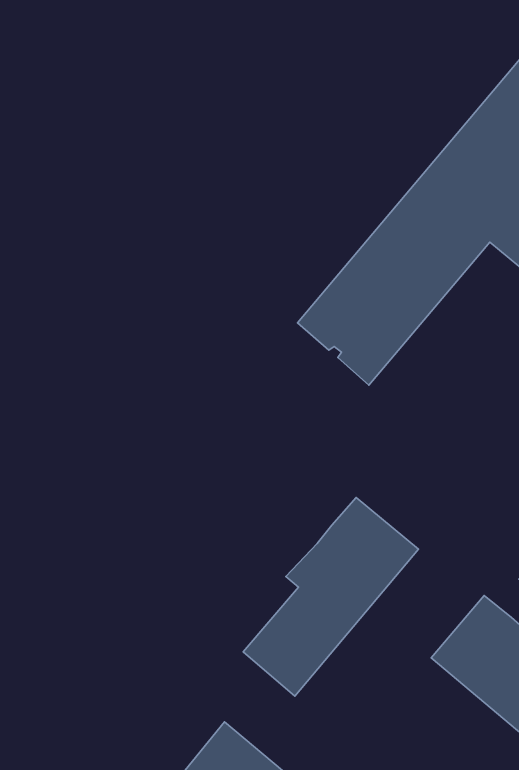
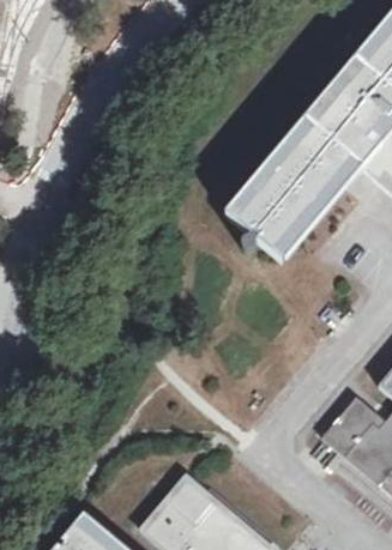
building: [243,497,419,696] -> none

